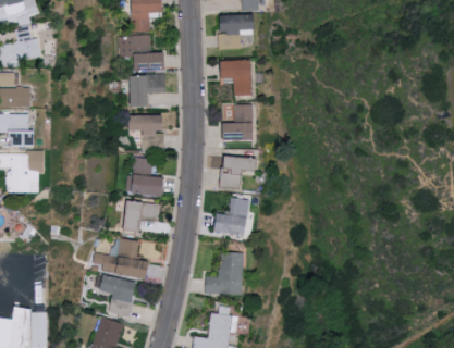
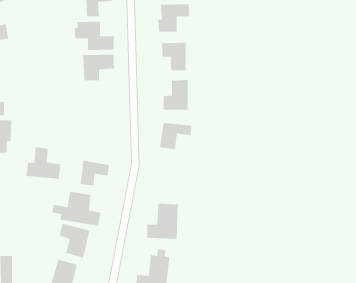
building: [126,114,164,149] -> none
building: [123,157,165,196] -> [26,146,61,179]
building: [214,197,250,236] -> none

